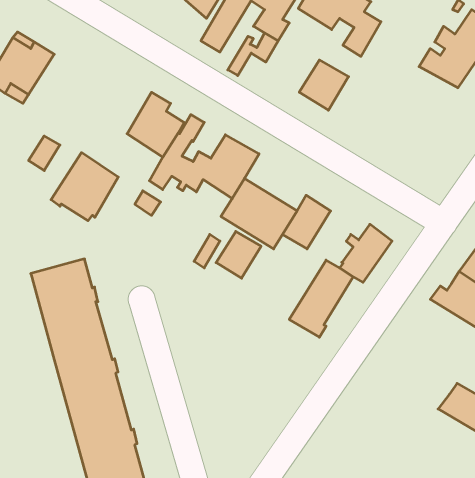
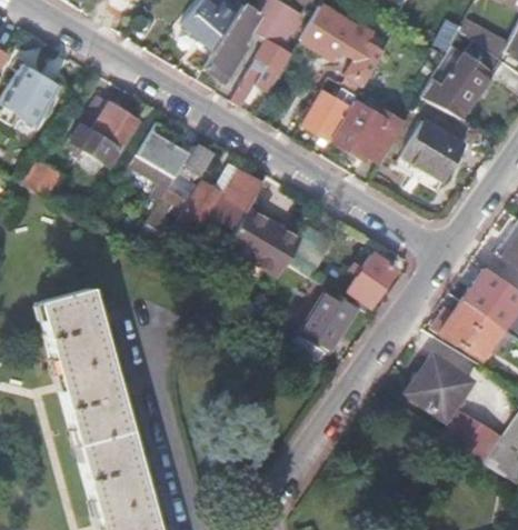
building: none -> [332,100,407,164]
building: none -> [396,121,467,192]
building: [51,153,118,221] -> [71,94,138,162]
building: [216,231,261,278] -> none
building: none -> [407,354,471,422]

